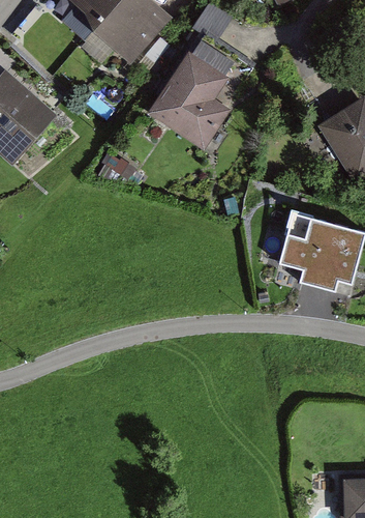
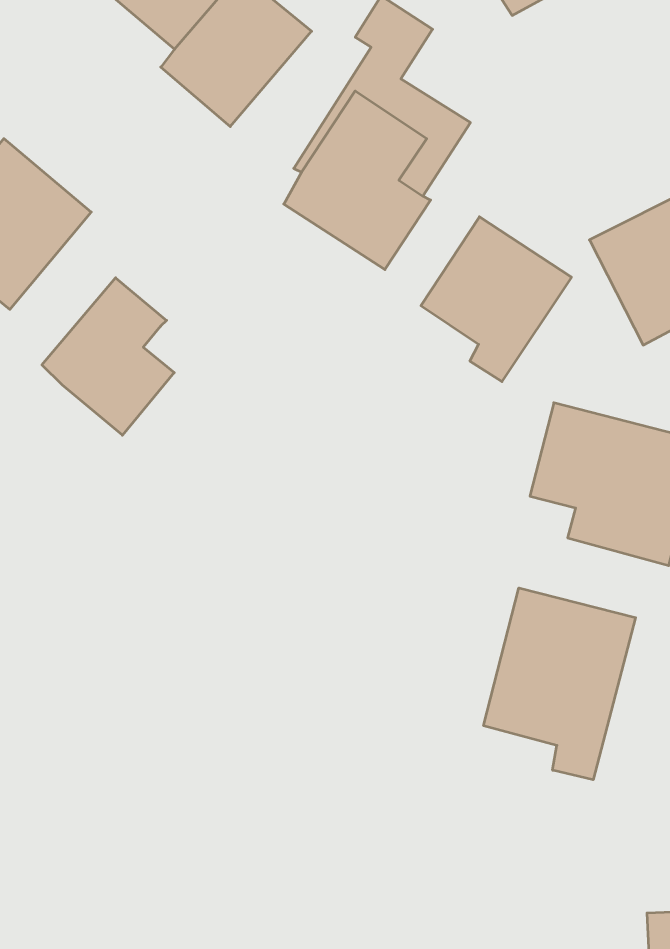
building: none -> [421,217,571,382]
building: none -> [42,278,174,435]
building: none -> [484,588,636,780]

